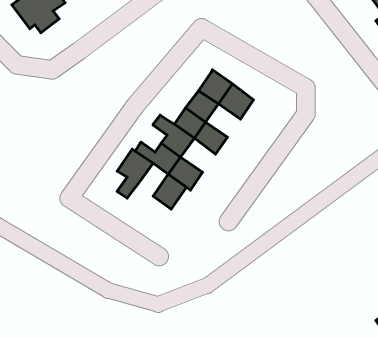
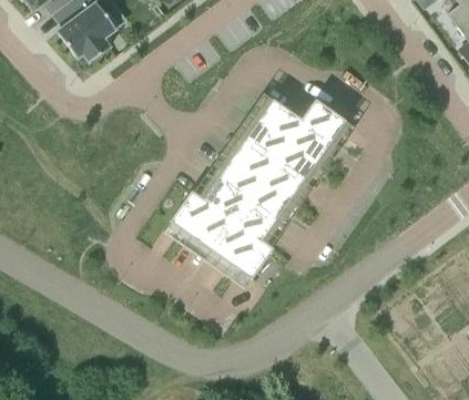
building: none -> [302,99,340,136]
building: none -> [272,141,310,177]
building: none -> [244,178,283,216]
building: none -> [196,206,231,243]
building: none -> [224,233,273,280]

